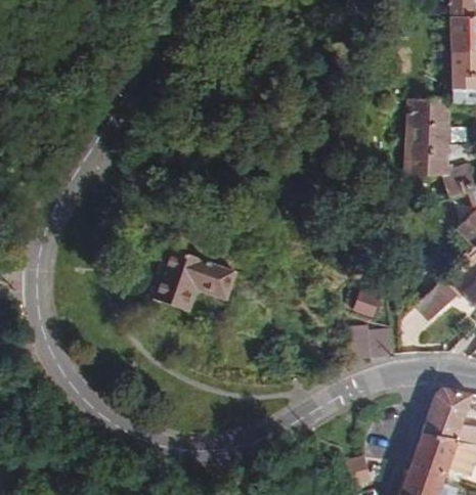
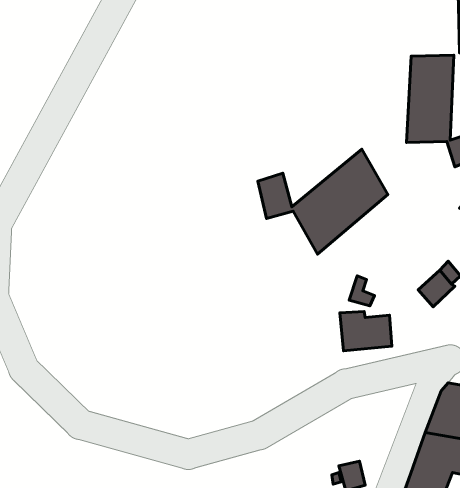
building: none -> [258,149,388,254]
building: [152,246,234,310] -> none

